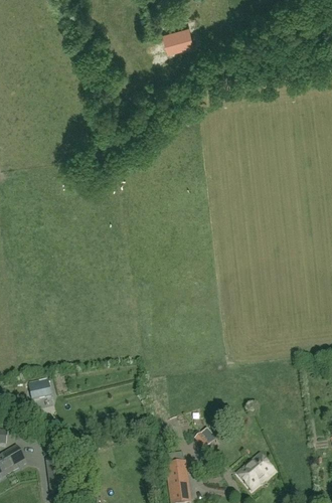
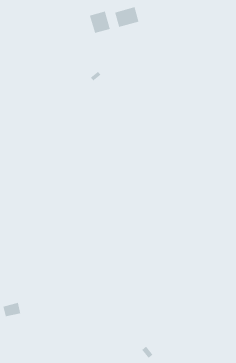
building: none -> [89,11,111,34]

